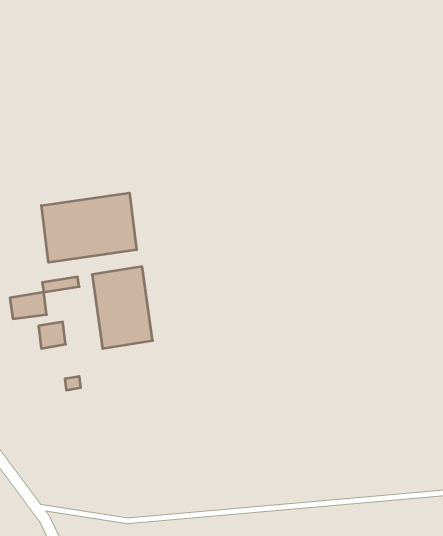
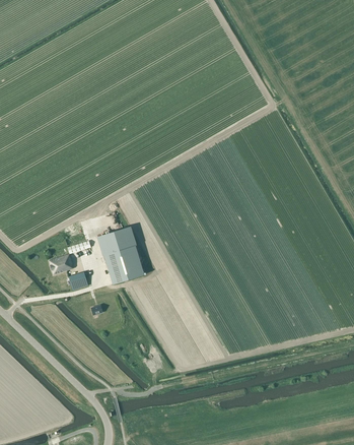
building: [41,193,136,262] -> none

